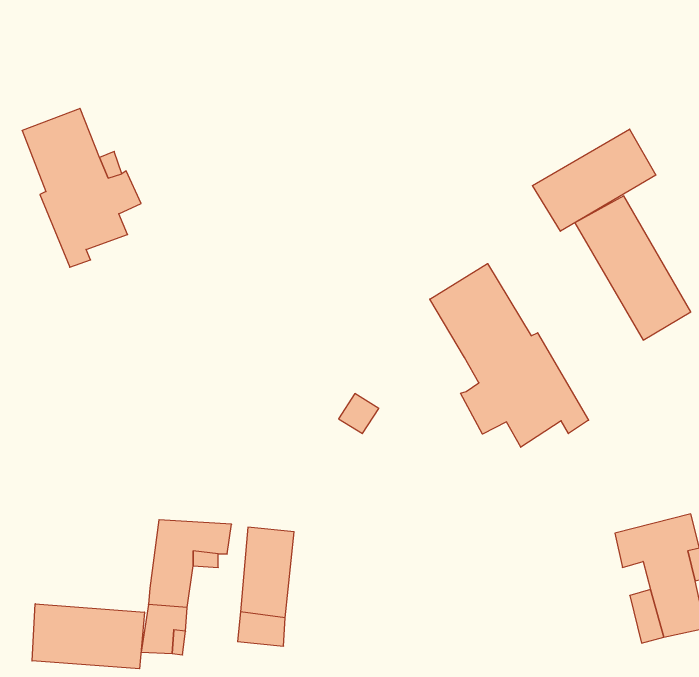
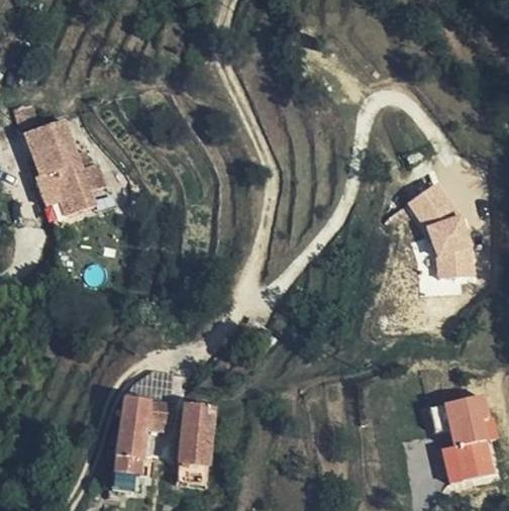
building: [532,129,656,231] -> none
building: [430,264,589,447] -> none
building: [32,604,144,669] -> none

